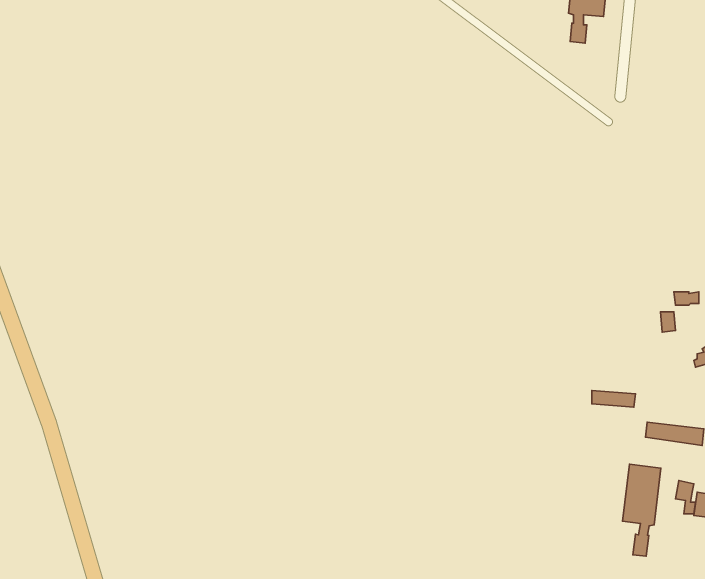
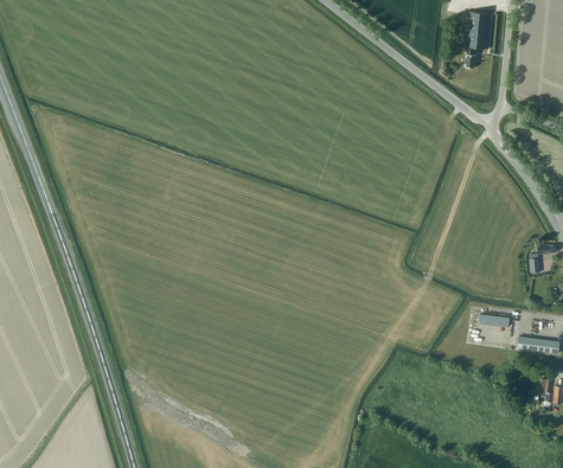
building: [623,464,661,556] -> none

